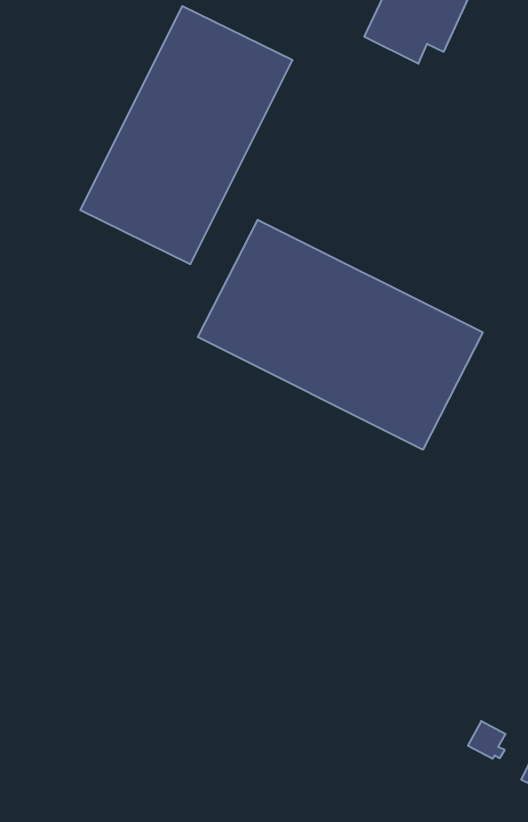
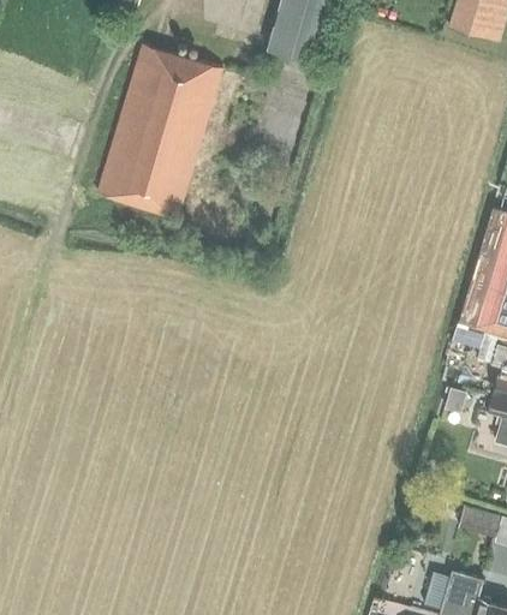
building: [198,220,483,450] -> none

